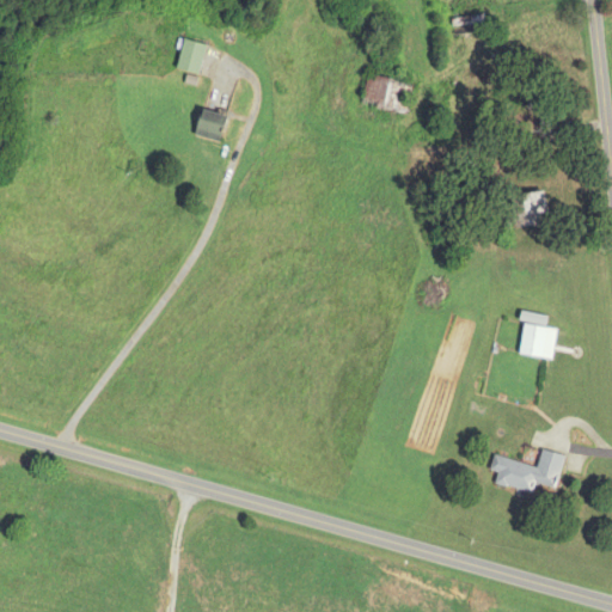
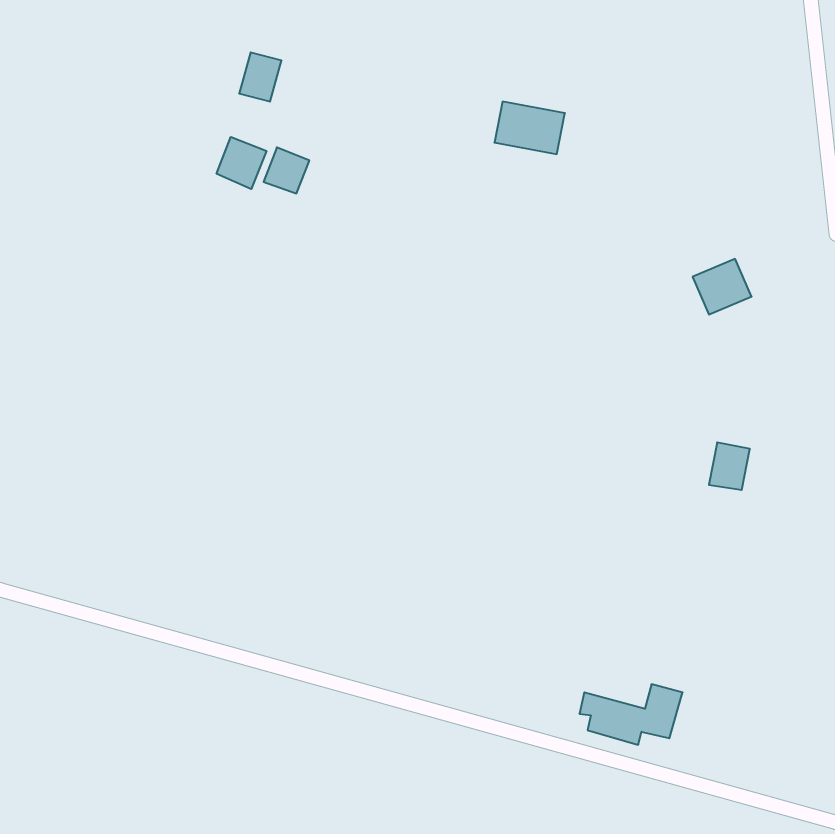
building: none -> [217,137,266,189]
building: [490,448,565,492] -> [579,684,683,745]

